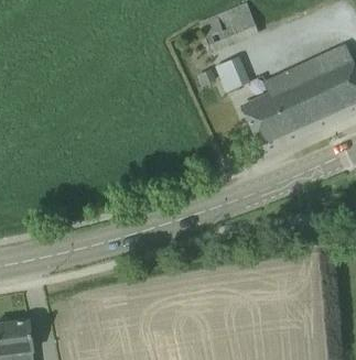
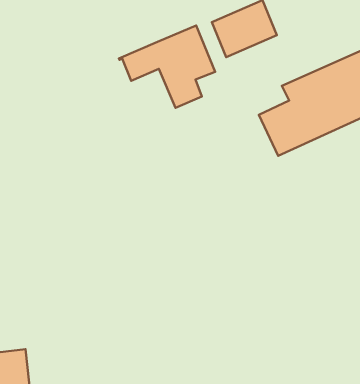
building: none -> [119,25,215,108]
building: [216,57,249,91] -> none

